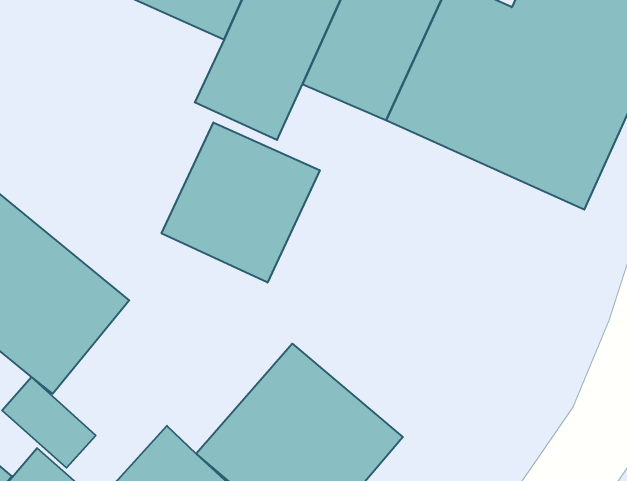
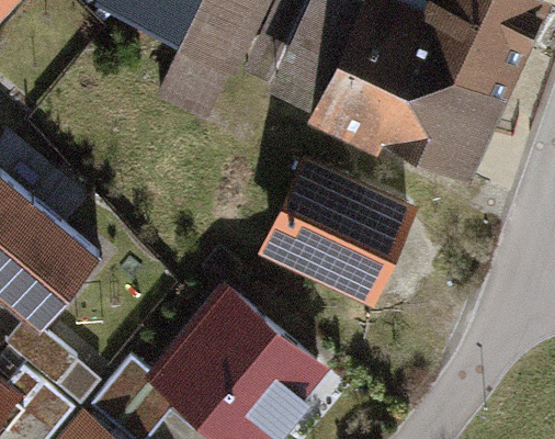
building: [162,122,320,283] -> none
building: none -> [261,148,419,299]

